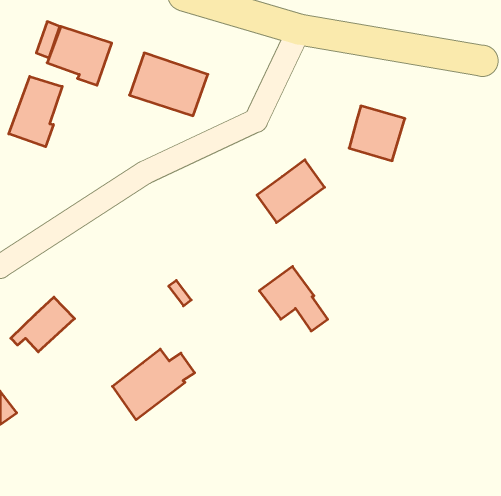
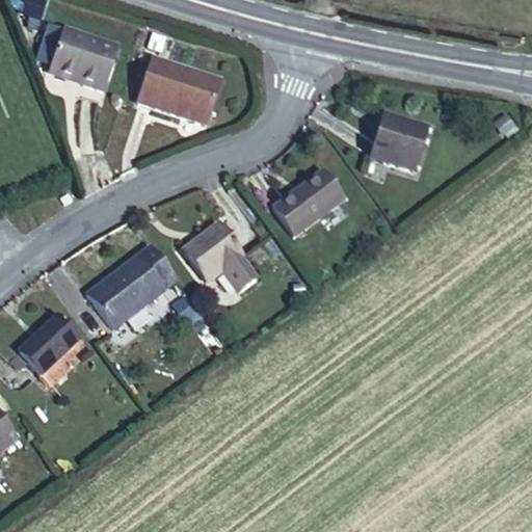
building: [9,76,62,147] -> none
building: [259,266,328,331] -> [182,220,255,289]
building: [112,349,195,420] -> [87,254,175,328]

